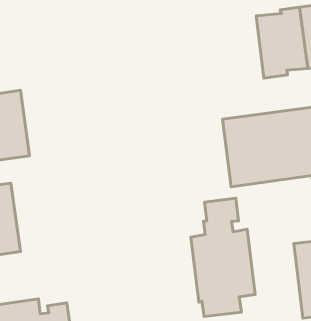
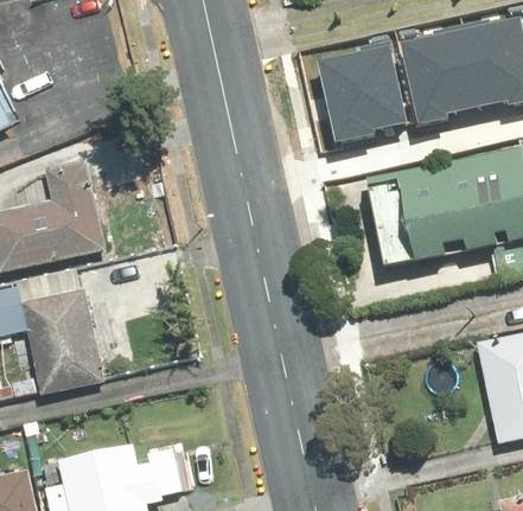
building: none -> [317,37,407,140]
building: [191,198,255,316] -> none

